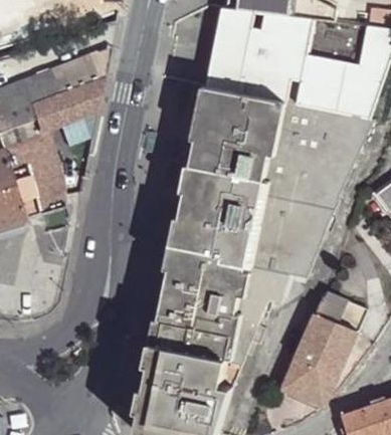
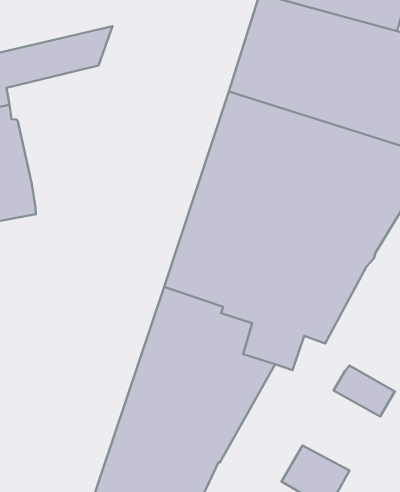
building: [28,81,99,133] -> none
building: [295,314,353,376] -> none

